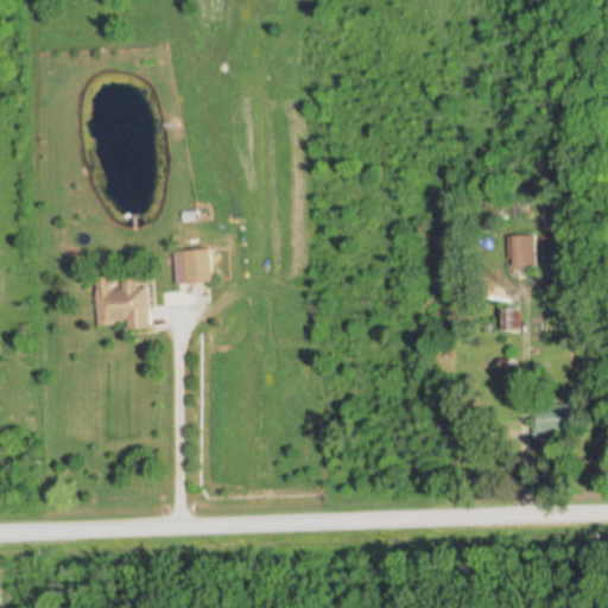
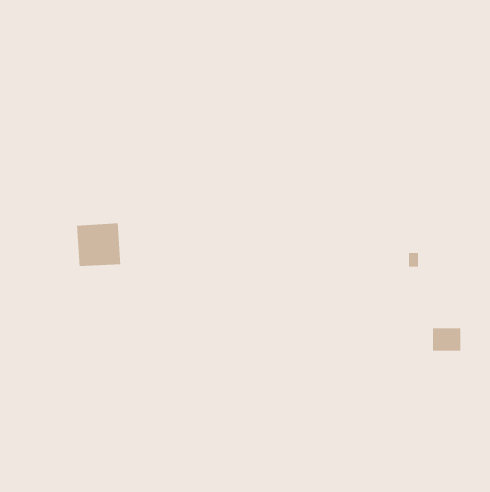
building: [512,236,530,266] -> none
building: [173,249,211,285] -> none

